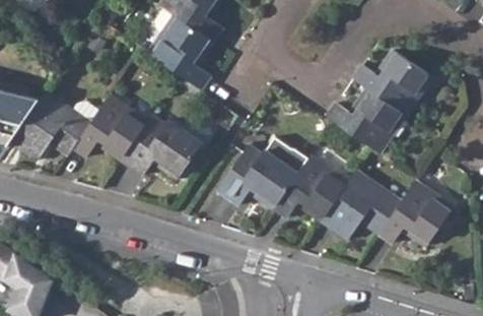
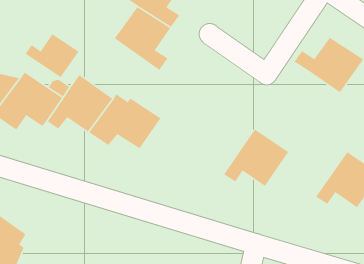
building: none -> [24,33,79,78]
building: [328,89,407,154] -> none
building: [218,137,308,208] -> none
building: [322,172,401,242] -> none

